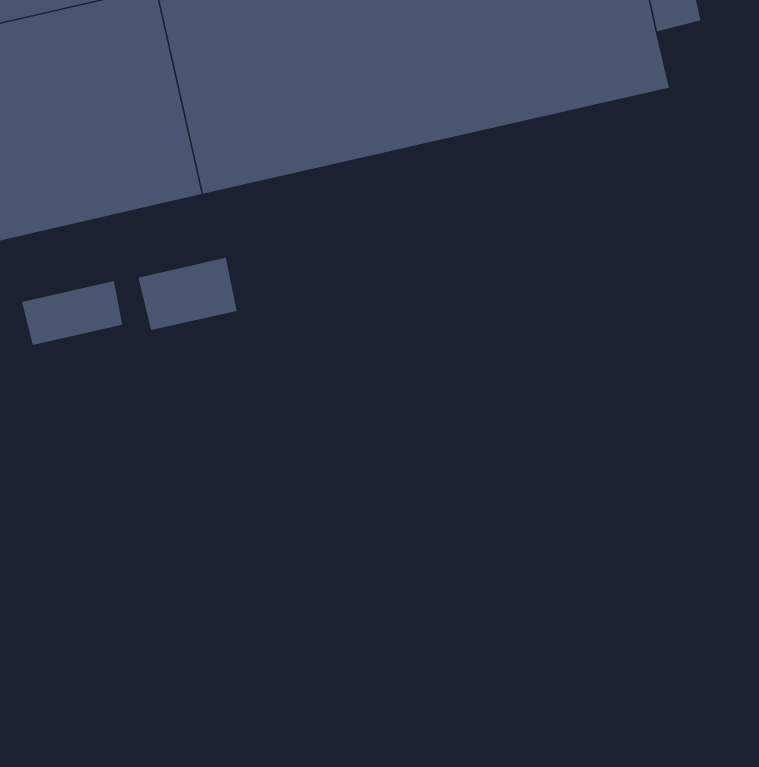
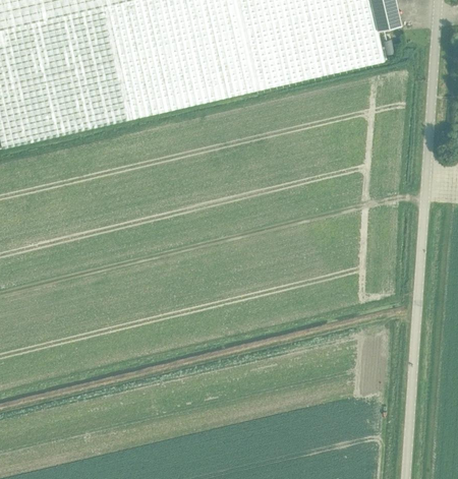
building: [137,257,237,331] -> none
building: [21,280,123,346] -> none

